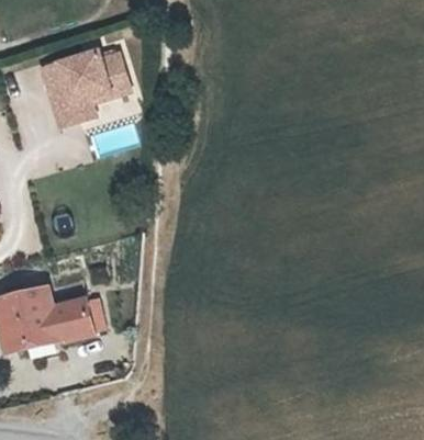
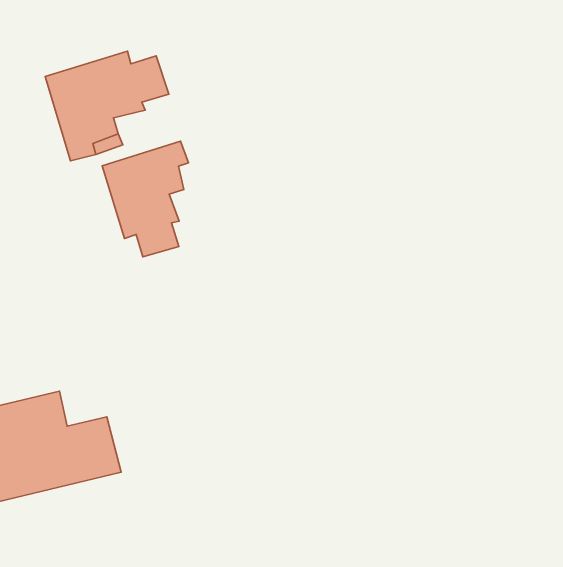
building: none -> [102,141,189,257]

